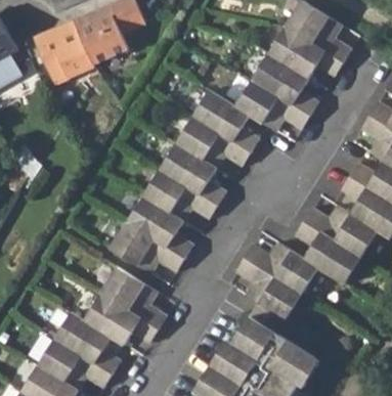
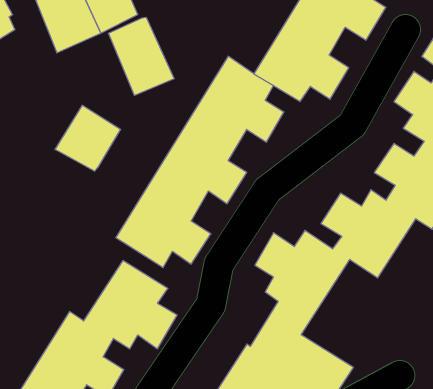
building: none -> [109,17,174,95]
building: none -> [55,105,121,171]

